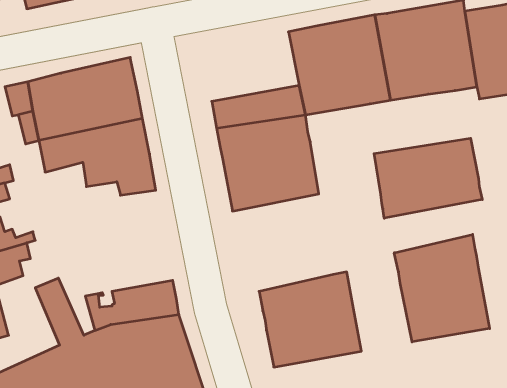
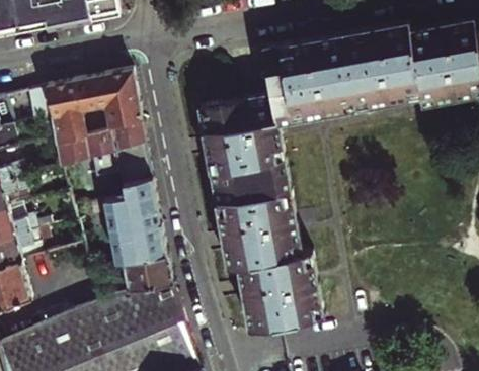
building: [374,138,482,218] -> none
building: none -> [91,181,165,267]
building: none -> [215,184,299,267]
building: [394,234,490,342] -> none

